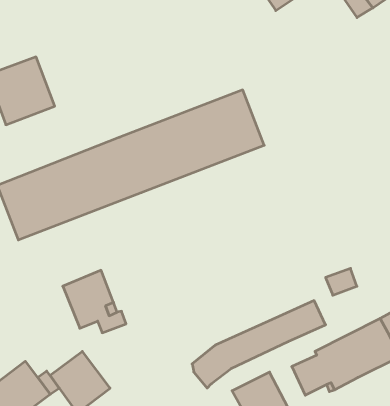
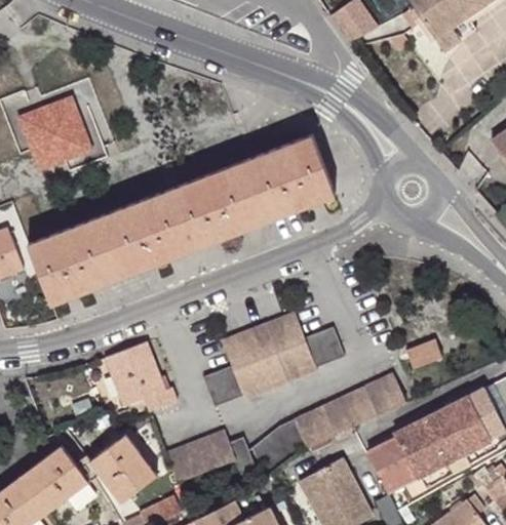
building: none -> [203,313,344,407]
building: none -> [164,431,252,485]

